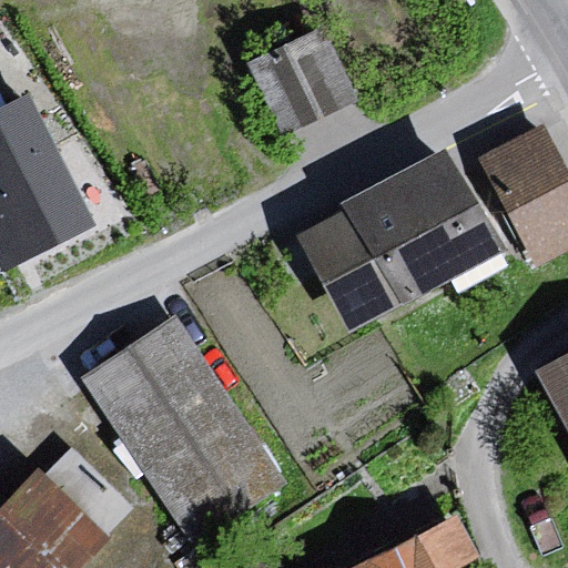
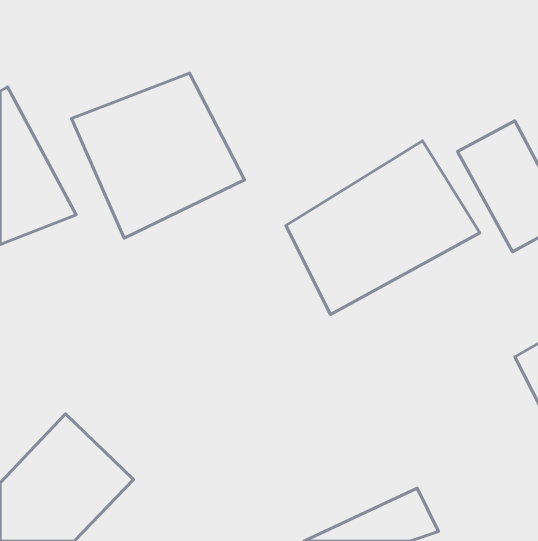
building: [252,26,363,136] -> none
building: none -> [71,73,245,238]
building: [73,317,274,549] -> none

